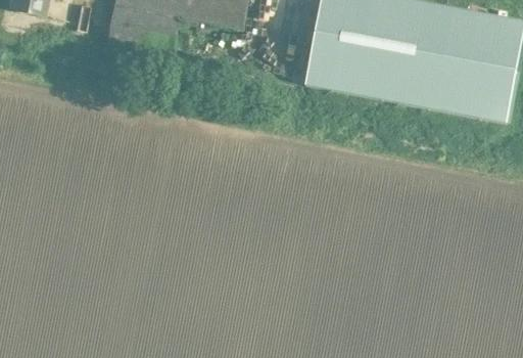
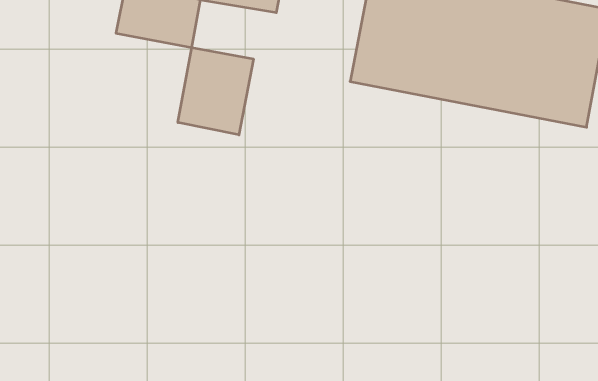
building: none -> [178,48,253,135]

